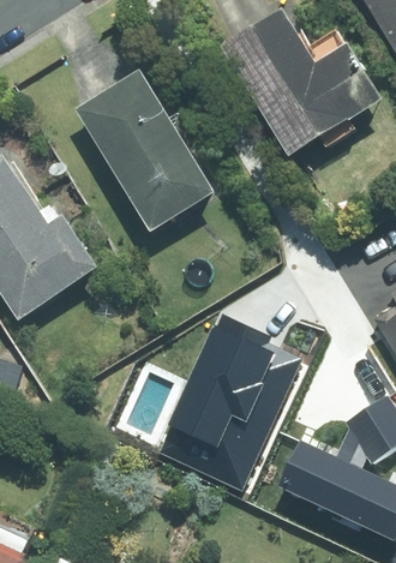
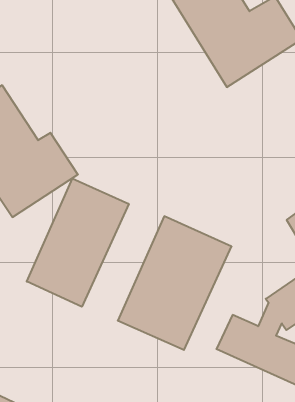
building: [76,68,218,232] -> none
building: none -> [27,178,129,307]

